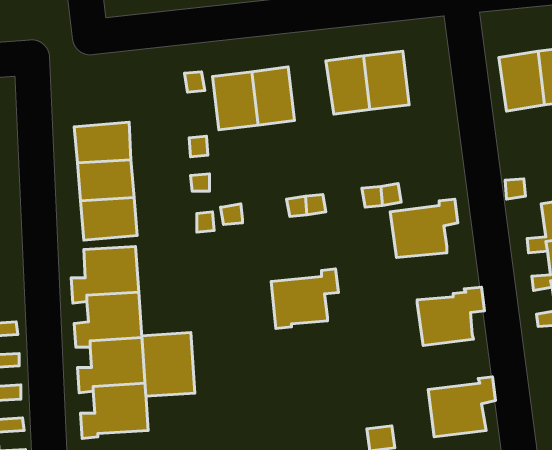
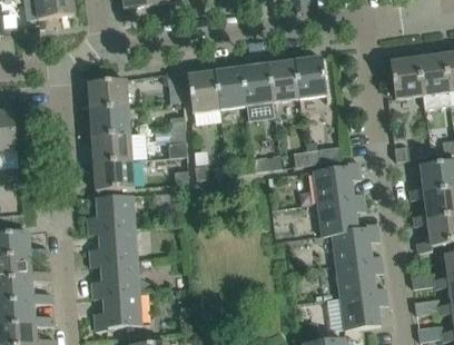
building: none -> [240,63,273,106]
building: none -> [88,79,128,110]
building: [271,269,339,329] -> [317,194,365,236]
building: none -> [336,255,383,296]
building: [142,332,195,396] -> none

